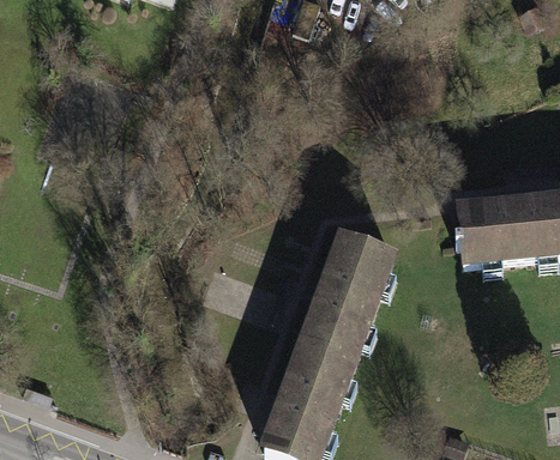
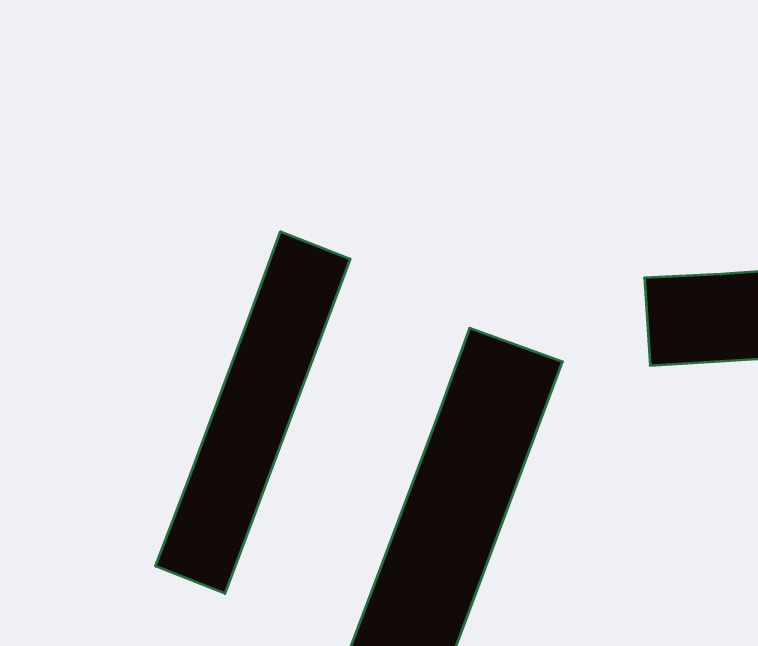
building: none -> [156,232,350,594]

